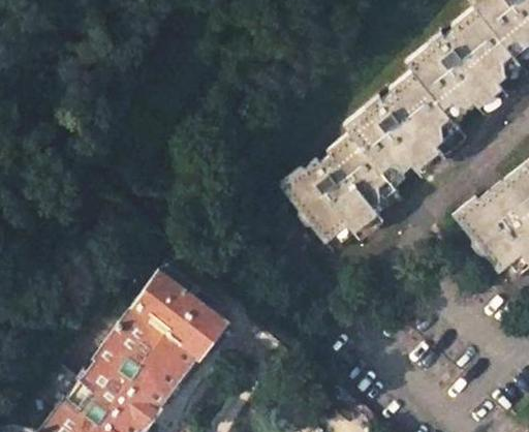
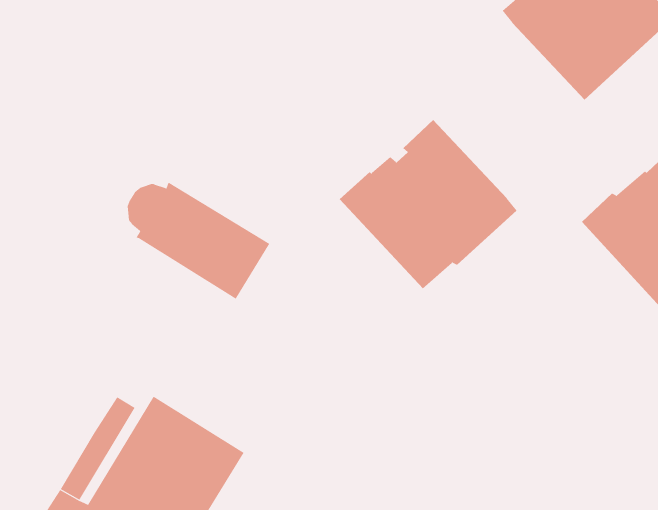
building: [344,68,468,192] -> none
building: [128,271,227,359] -> [127,182,270,299]

